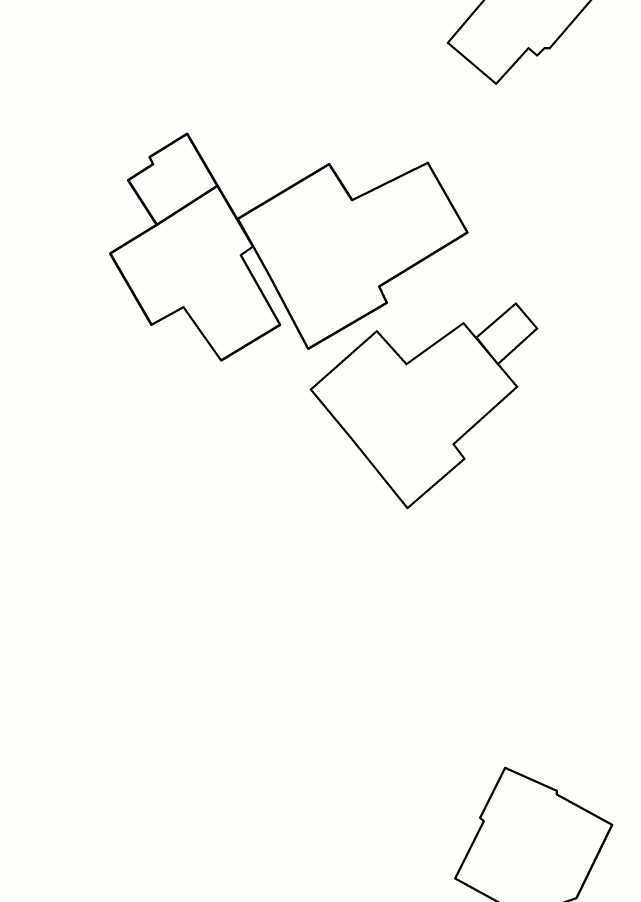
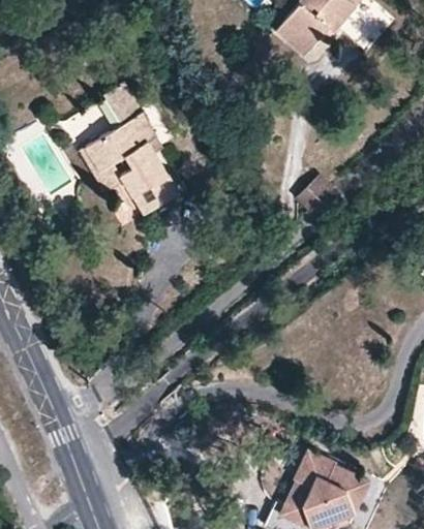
building: [238,163,468,349] -> none
building: [311,323,517,508] -> none

